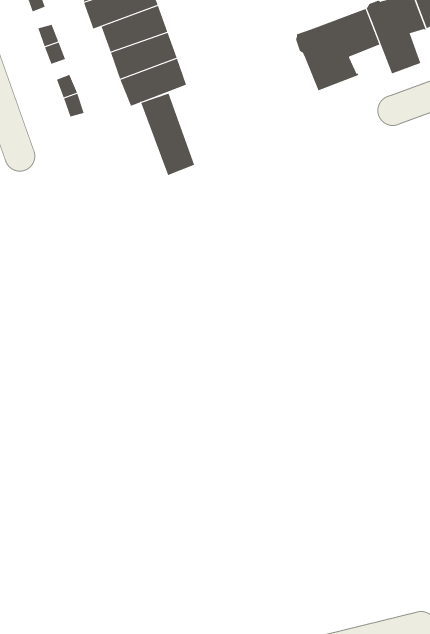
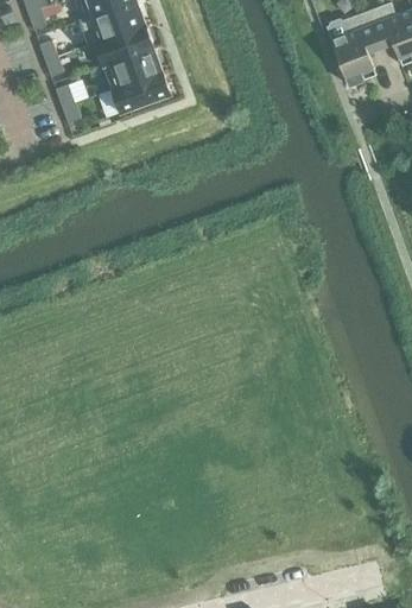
building: [295,8,380,91] -> none
building: [141,93,195,176] -> none

